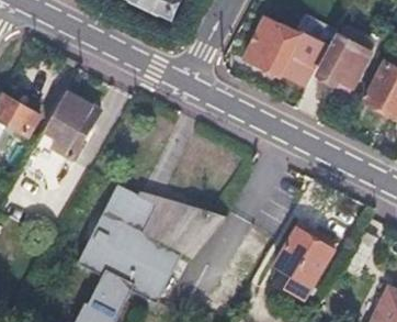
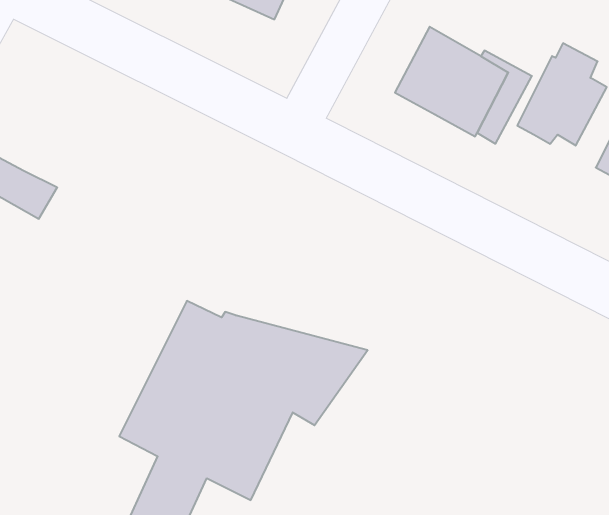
building: [46,89,101,156] -> none
building: [276,226,334,286] -> none

